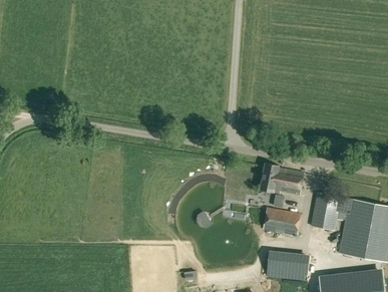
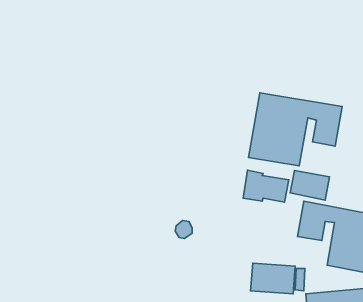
building: none -> [249,93,342,166]
building: [263,208,300,236] -> [290,170,330,200]

